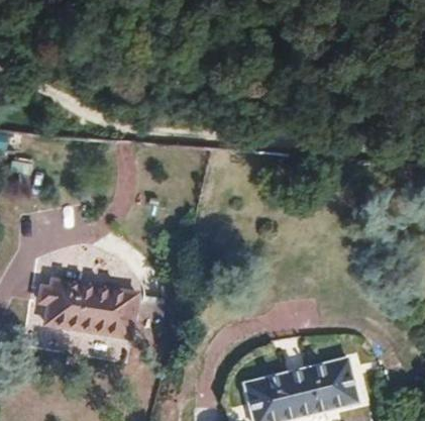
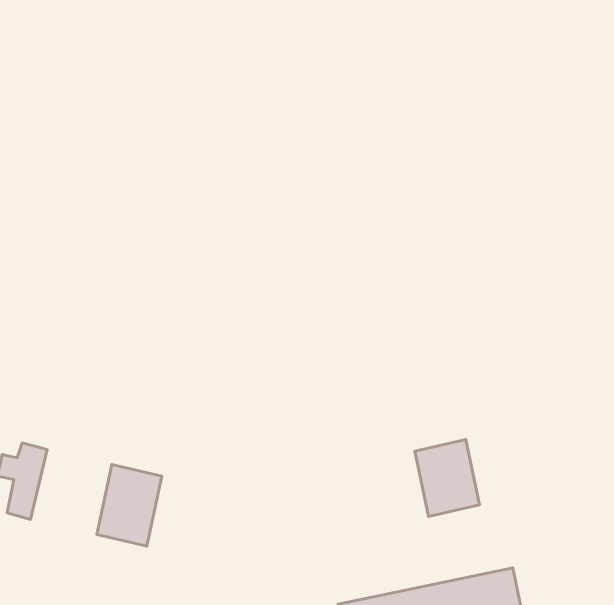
building: none -> [415,440,480,516]
building: [59,286,108,337] -> none

